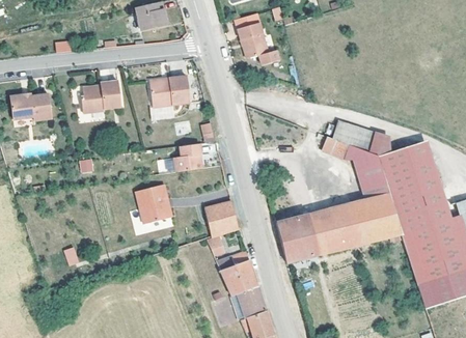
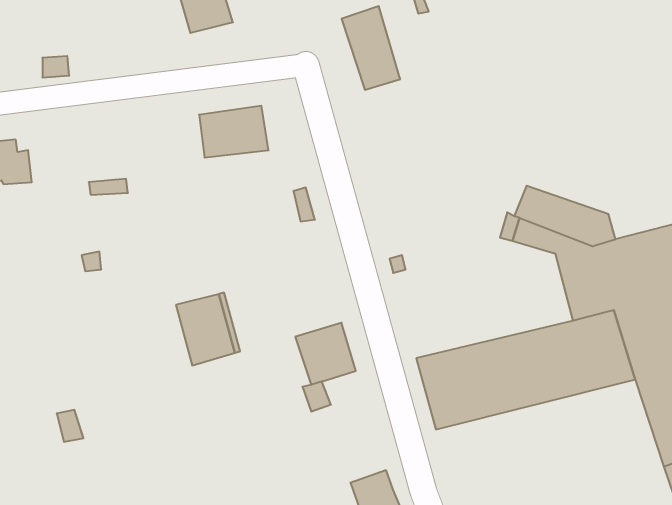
building: [79,79,121,111] -> none
building: [173,142,201,170] -> none
building: [220,251,257,297] -> none

